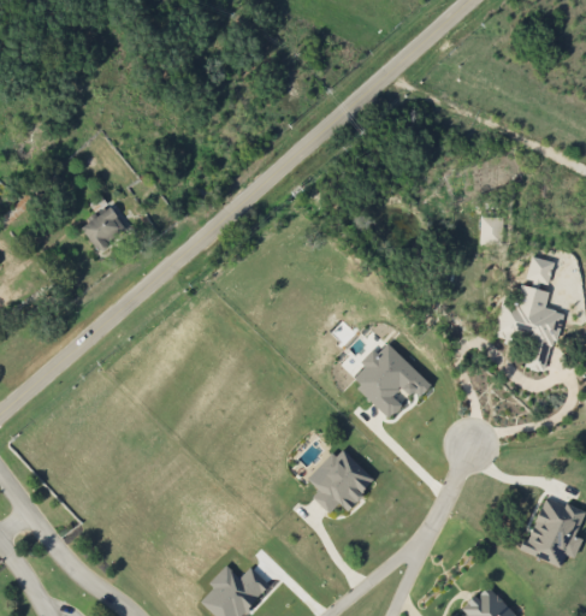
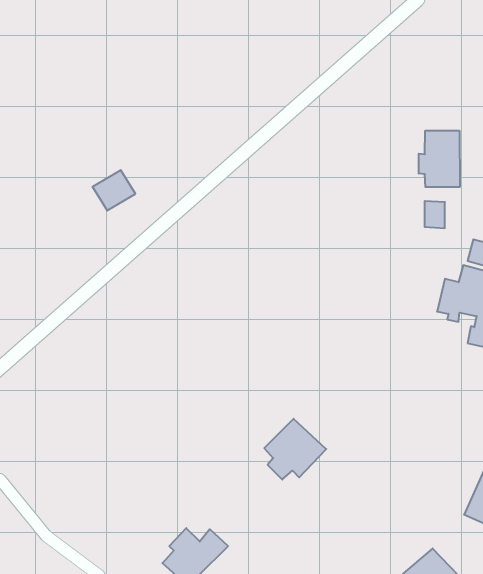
building: none -> [419,131,460,187]
building: [82,206,128,249] -> [92,170,135,211]
building: [353,343,432,417] -> none

